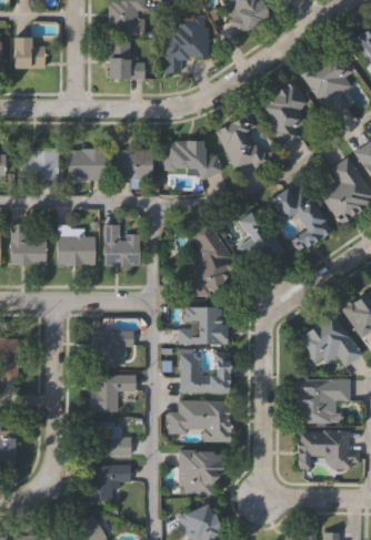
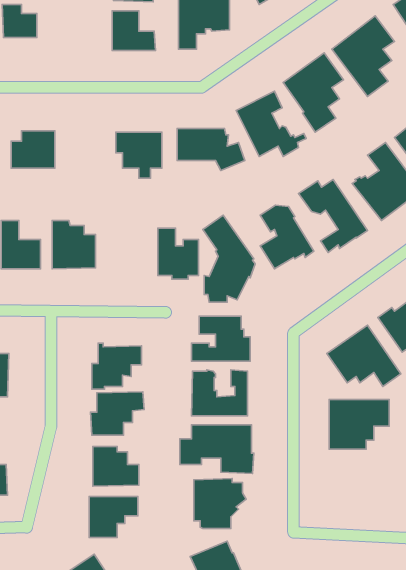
building: [68,146,107,180] -> none
building: [104,224,140,268] -> [158,228,199,279]
building: [297,430,359,470] -> none

